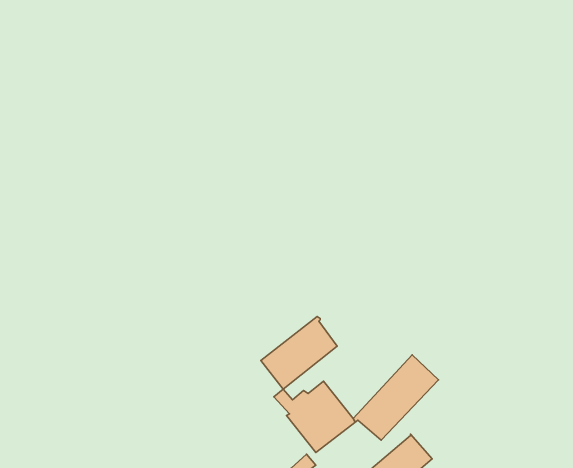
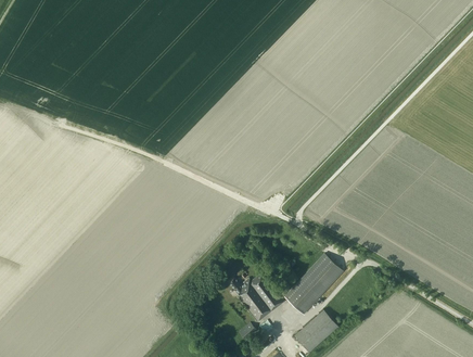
building: [261,317,337,389] -> none

